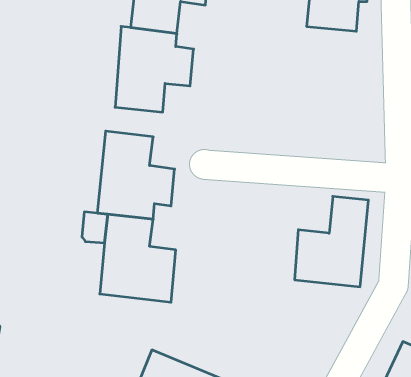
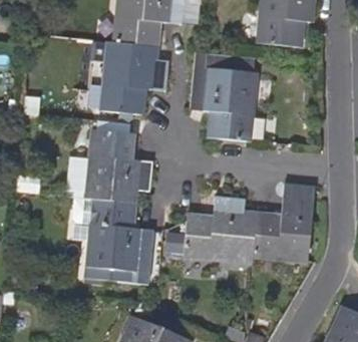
building: none -> [191,66,256,141]
building: none -> [184,196,256,261]

